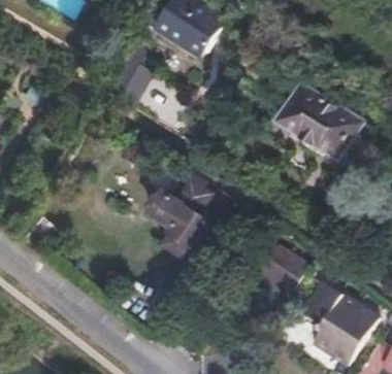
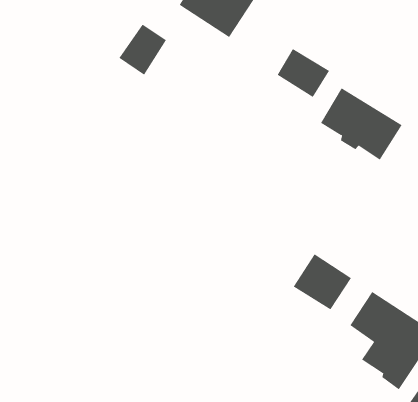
building: none -> [277,48,330,98]
building: [149,175,218,267] -> none

